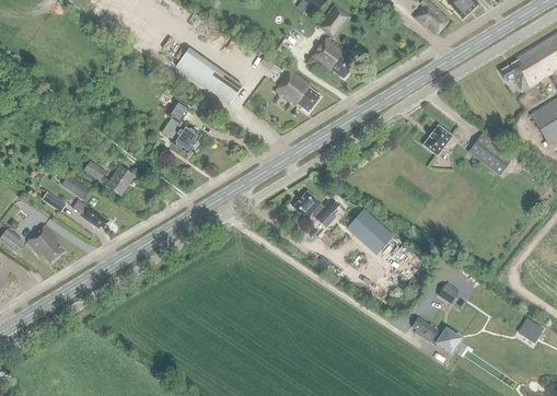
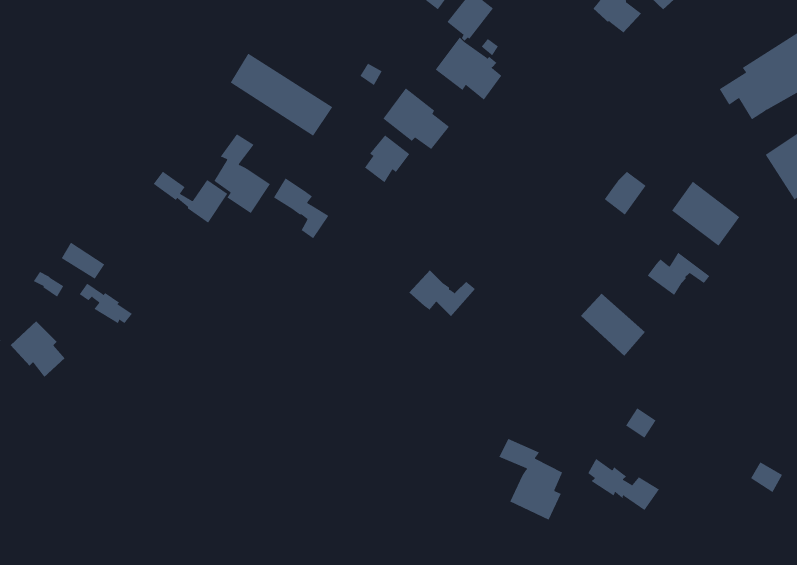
building: none -> [364,135,410,183]
building: none -> [273,177,329,239]
building: [83,161,134,196] -> [153,171,228,223]
building: none -> [647,252,710,296]
building: [350,208,394,251] -> [580,293,646,357]
building: none -> [498,438,563,520]

